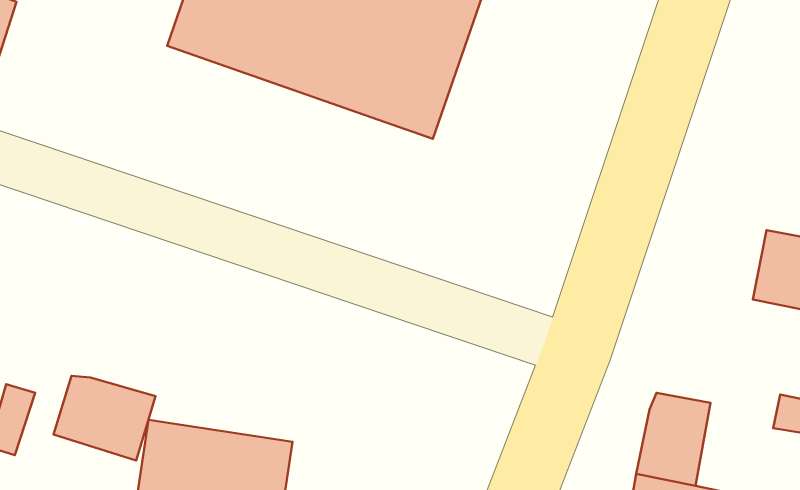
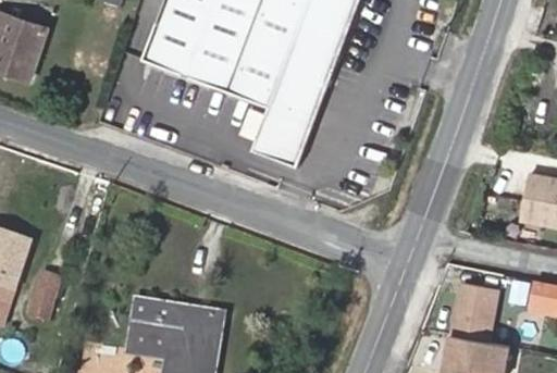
building: none -> [257,103,315,161]
building: [54,376,155,460] -> none

